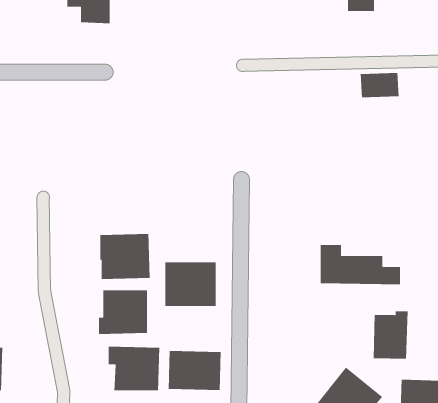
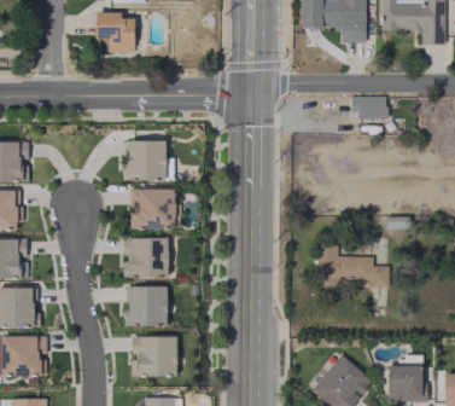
building: none -> [123,140,167,180]
building: [164,262,217,307] -> [129,188,175,228]
building: [373,310,409,359] -> none
building: [168,350,222,391] -> none

